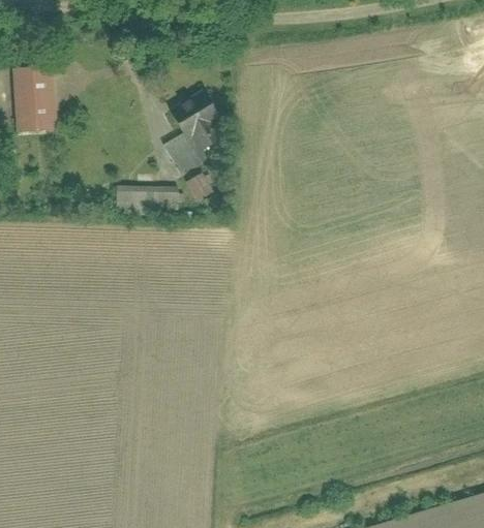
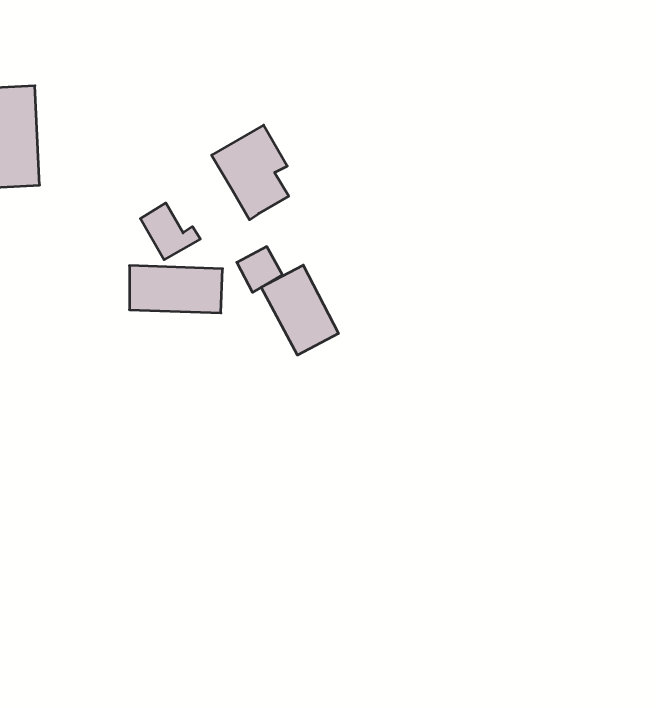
building: [165,134,205,172] -> [140,203,200,260]
building: none -> [261,265,338,355]

